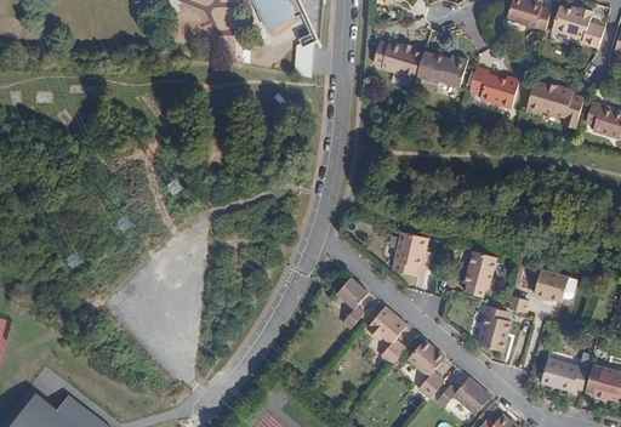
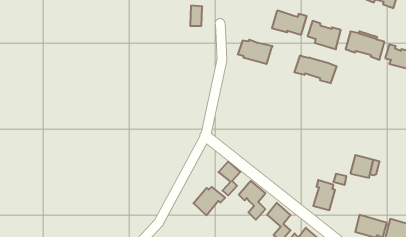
building: [371,40,423,76] -> [238,40,273,64]
building: none -> [294,55,336,83]
building: [392,232,422,274] -> none
building: [462,250,495,295] -> none
building: none -> [193,187,225,215]

